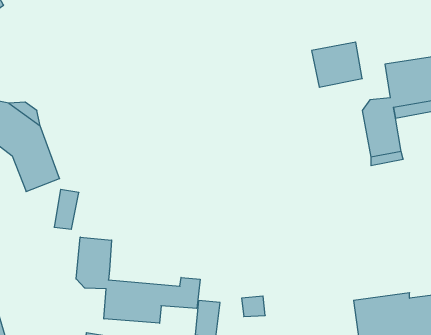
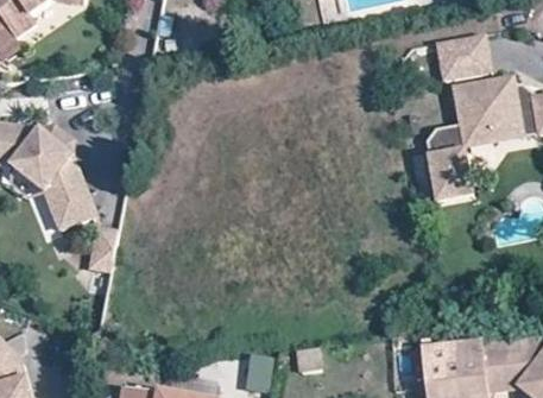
building: [312,42,362,87] -> [435,31,491,81]
building: [76,237,200,323] -> none

